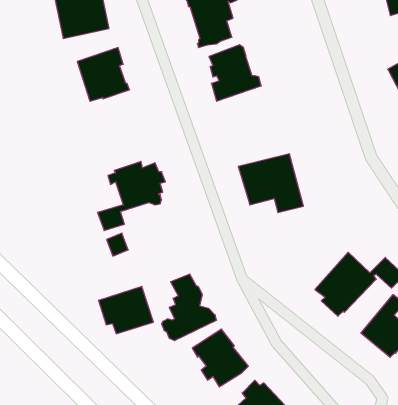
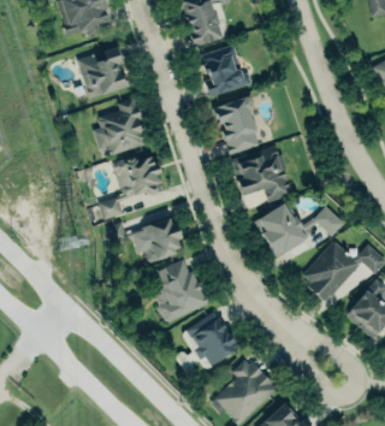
building: none -> [91,97,147,155]
building: none -> [214,97,267,154]
building: none -> [256,201,344,255]
building: [98,286,153,334] -> [130,218,182,262]

